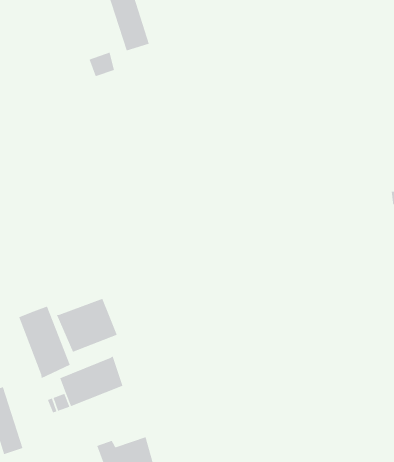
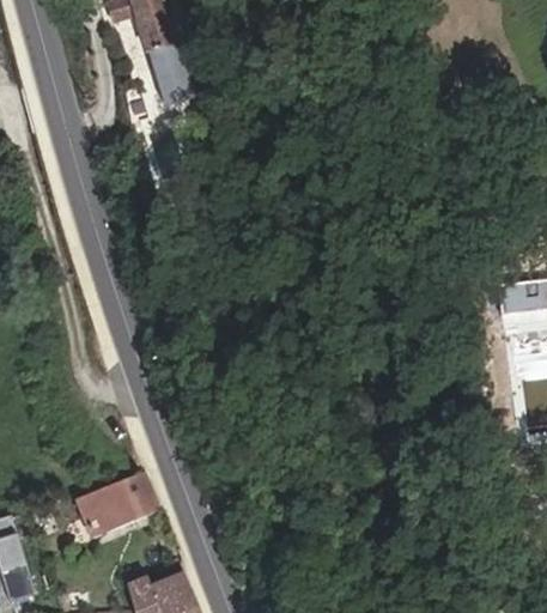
building: [56,298,118,353] -> none
building: [18,305,71,379] -> none

